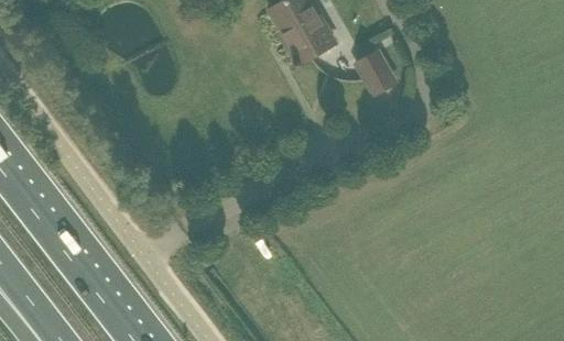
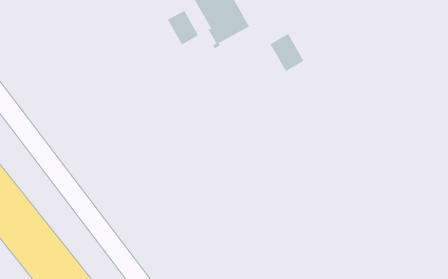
building: none -> [167,10,199,45]

